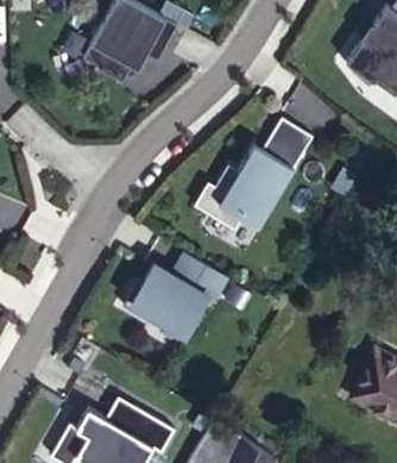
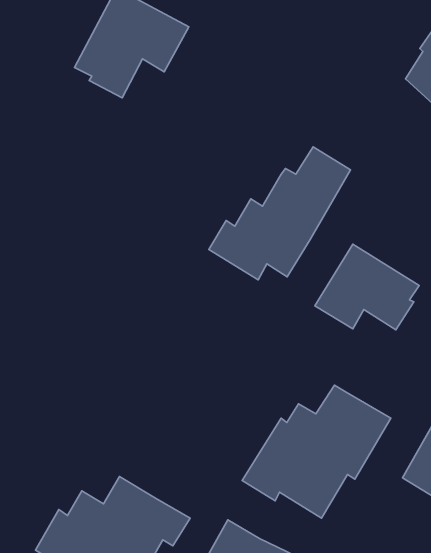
building: none -> [315,244,419,330]
building: [109,251,232,361] -> [242,385,391,518]

